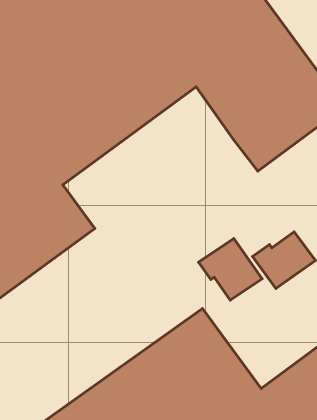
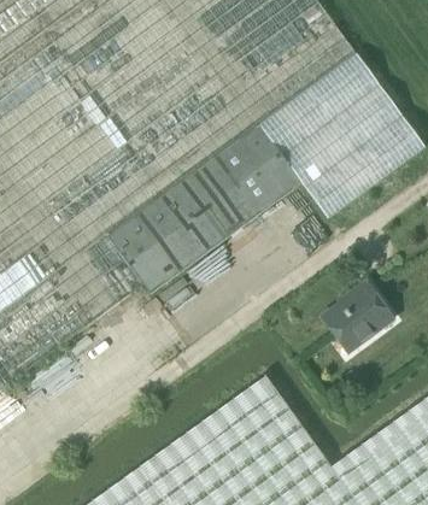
building: none -> [106,125,299,294]
building: [199,239,262,300] -> none

